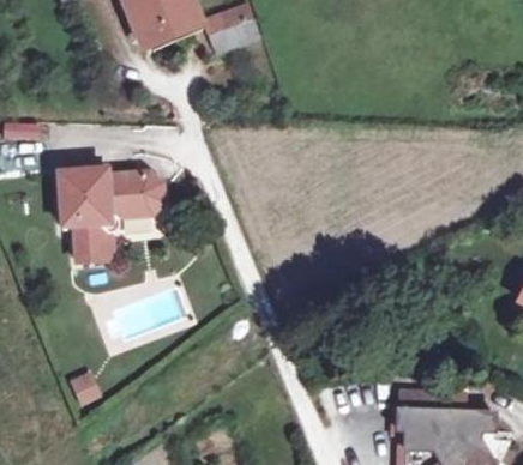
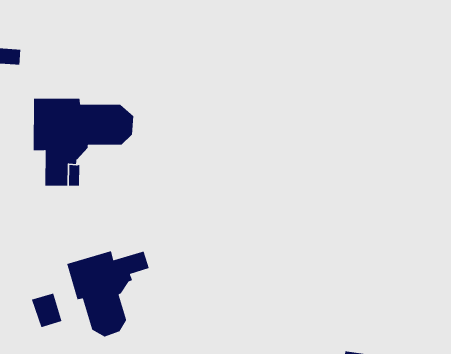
building: none -> [66,250,150,338]

